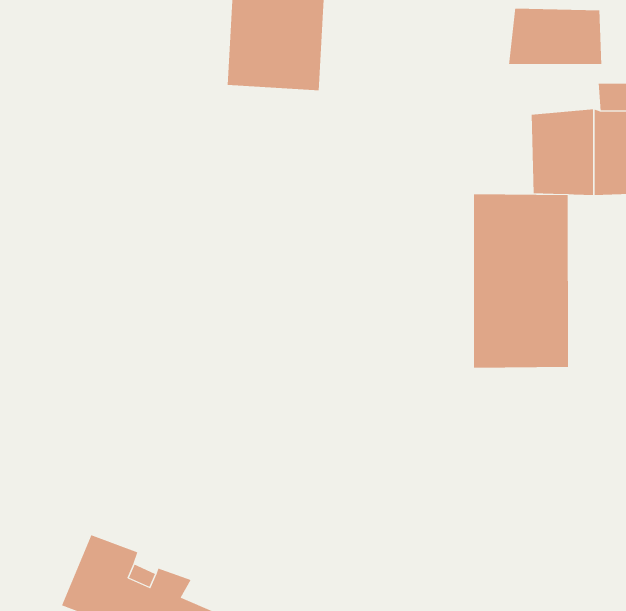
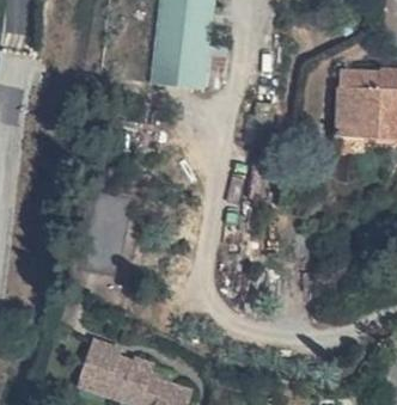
building: [508,8,602,65] -> none
building: [474,194,568,368] -> none

